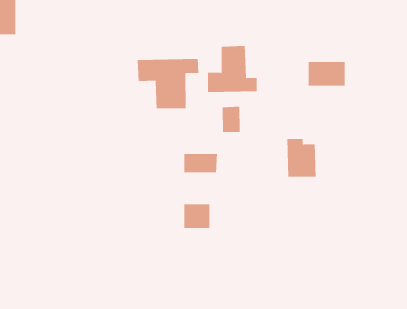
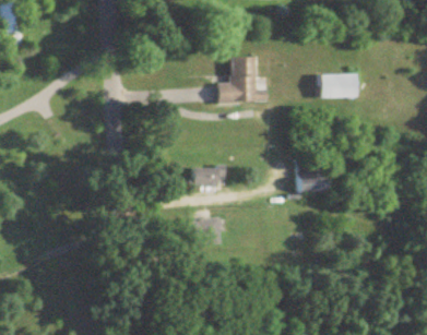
building: [137,58,199,109] -> none
building: [222,106,240,133] -> none

